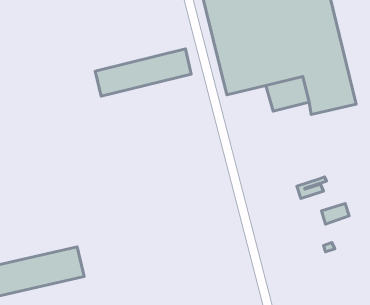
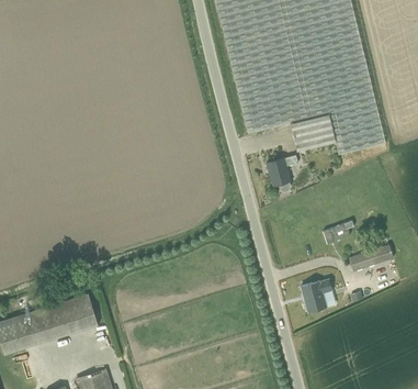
building: [95,49,191,96] -> none
building: none -> [267,154,298,190]
building: none -> [302,279,331,311]

